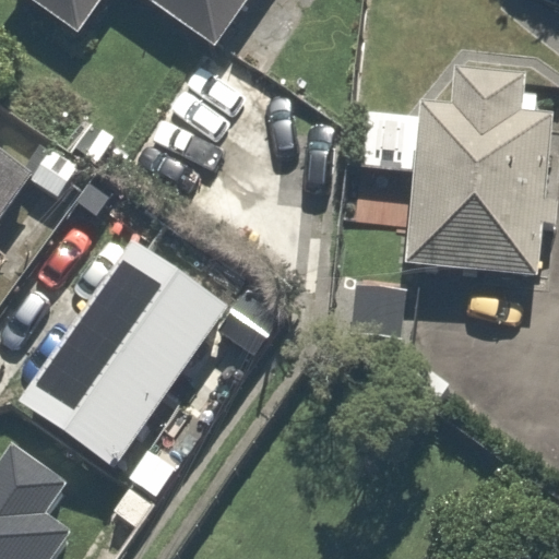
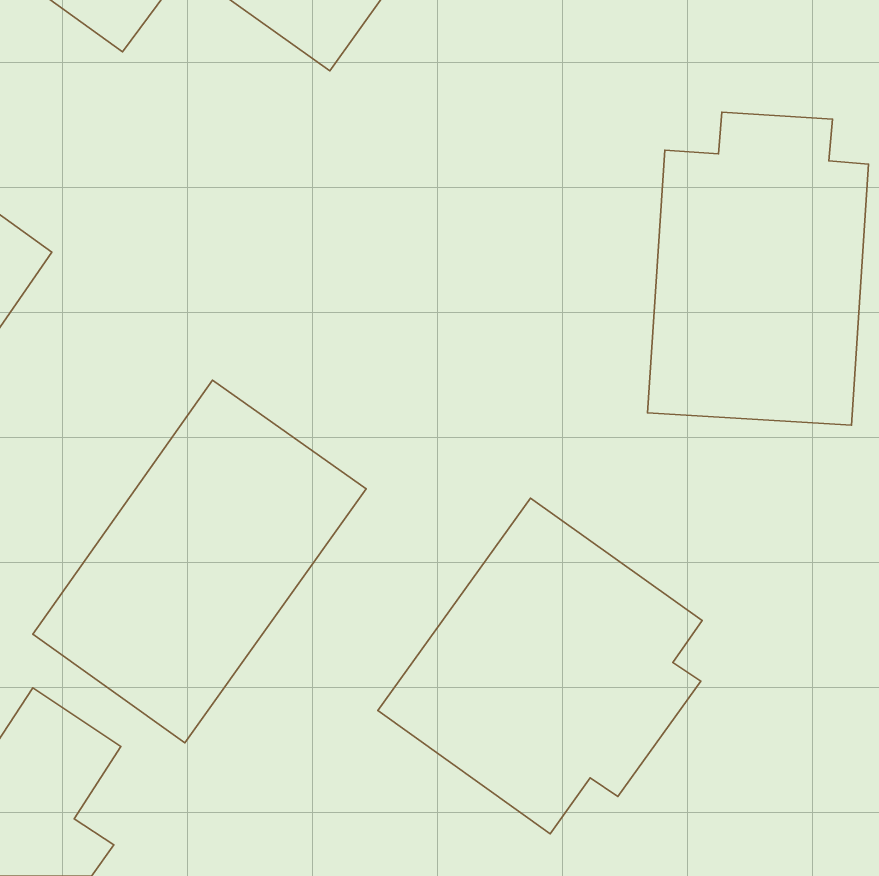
building: none -> [378,498,702,834]

